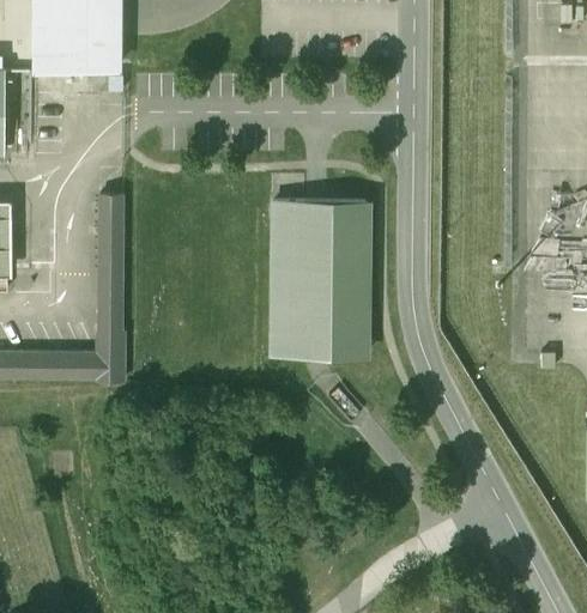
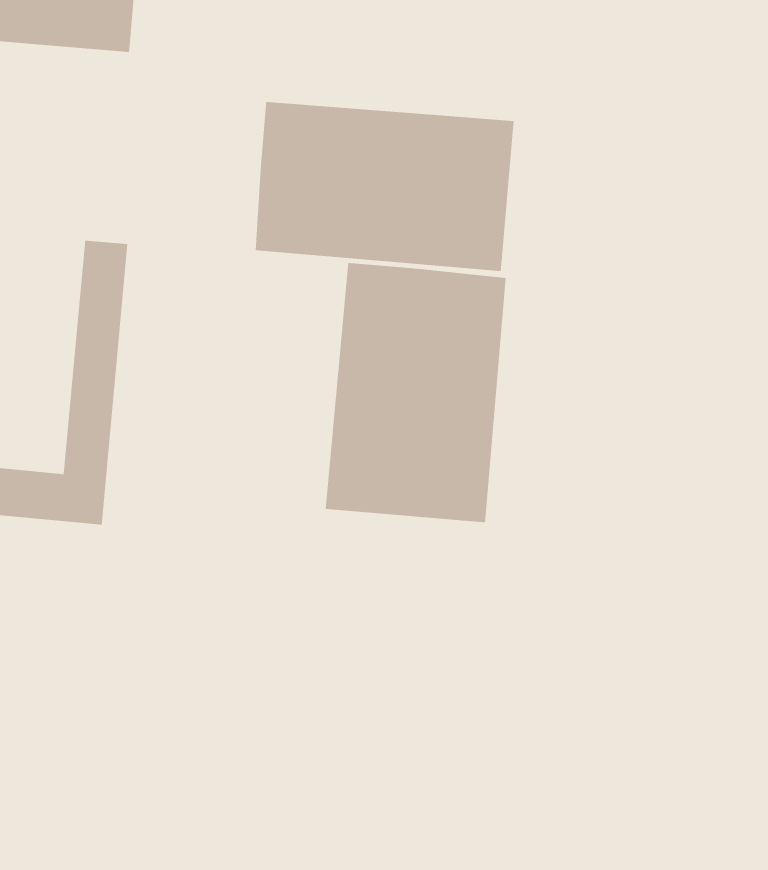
building: none -> [255,101,514,272]

